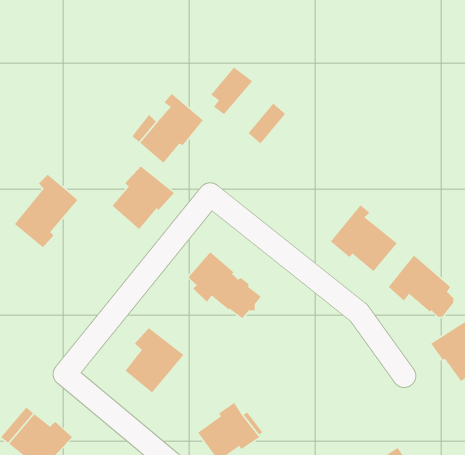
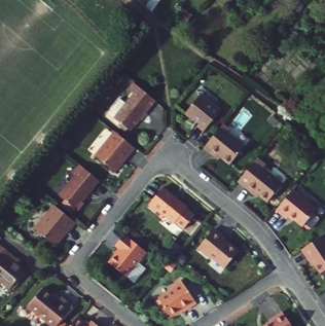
building: [208,66,253,115] -> [191,100,220,131]
building: none -> [202,124,243,165]
building: [14,174,79,248] -> [59,167,100,214]
building: none -> [35,207,76,248]
building: none -> [194,230,237,270]

